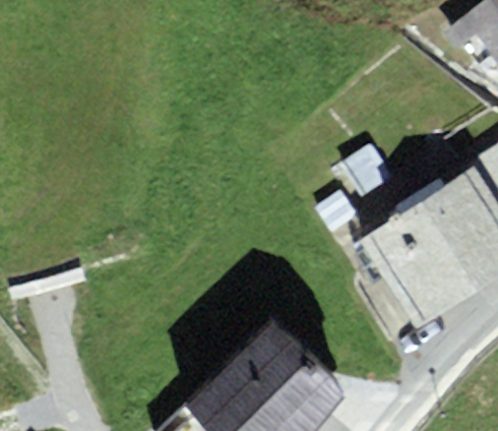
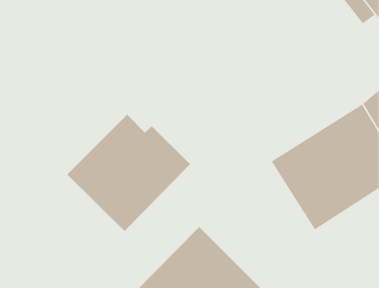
building: none -> [66,114,191,232]

